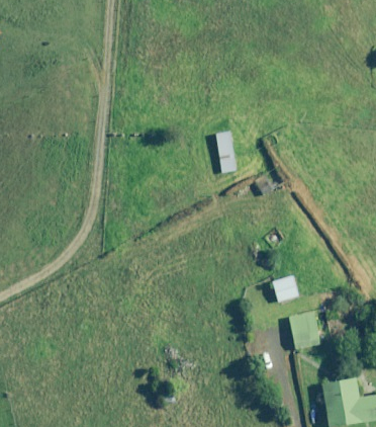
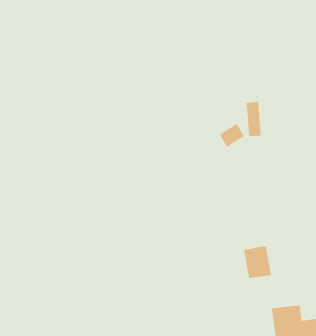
building: [217,131,236,172] -> [246,101,262,137]
building: [272,274,301,303] -> none

